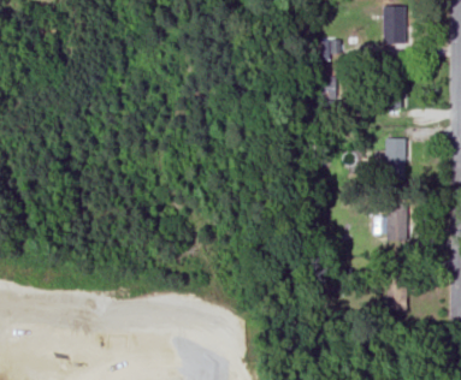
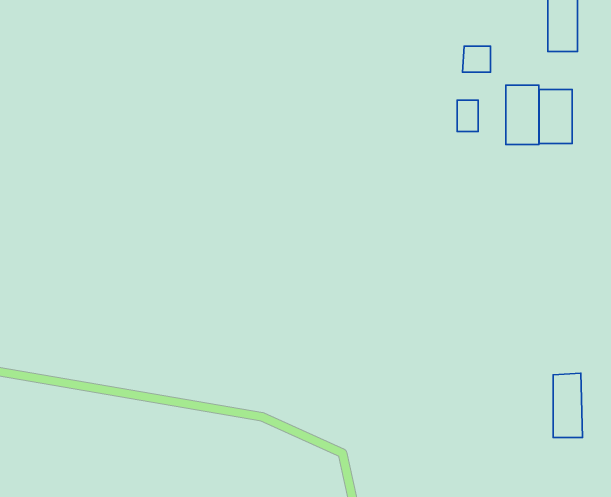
building: [383,137,406,178] -> [506,85,539,144]
building: [388,203,406,239] -> none

